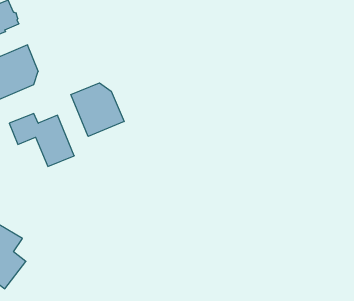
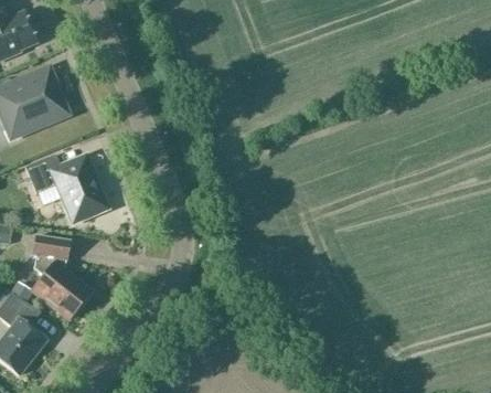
building: [71,83,124,136] -> none
building: none -> [32,236,89,319]

